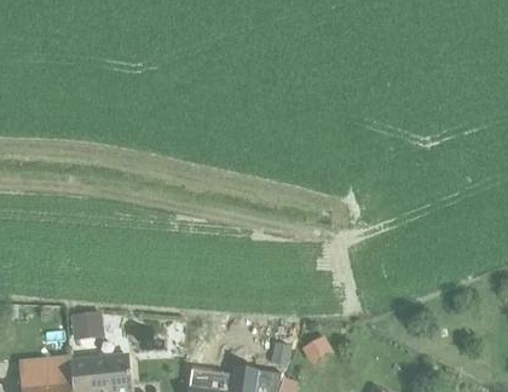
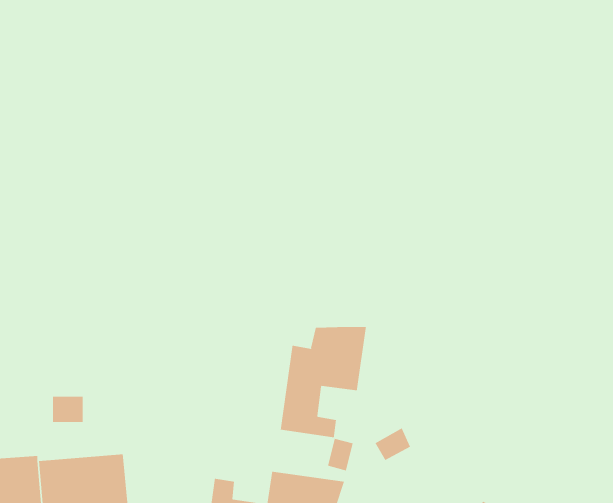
building: none -> [280,326,367,438]

